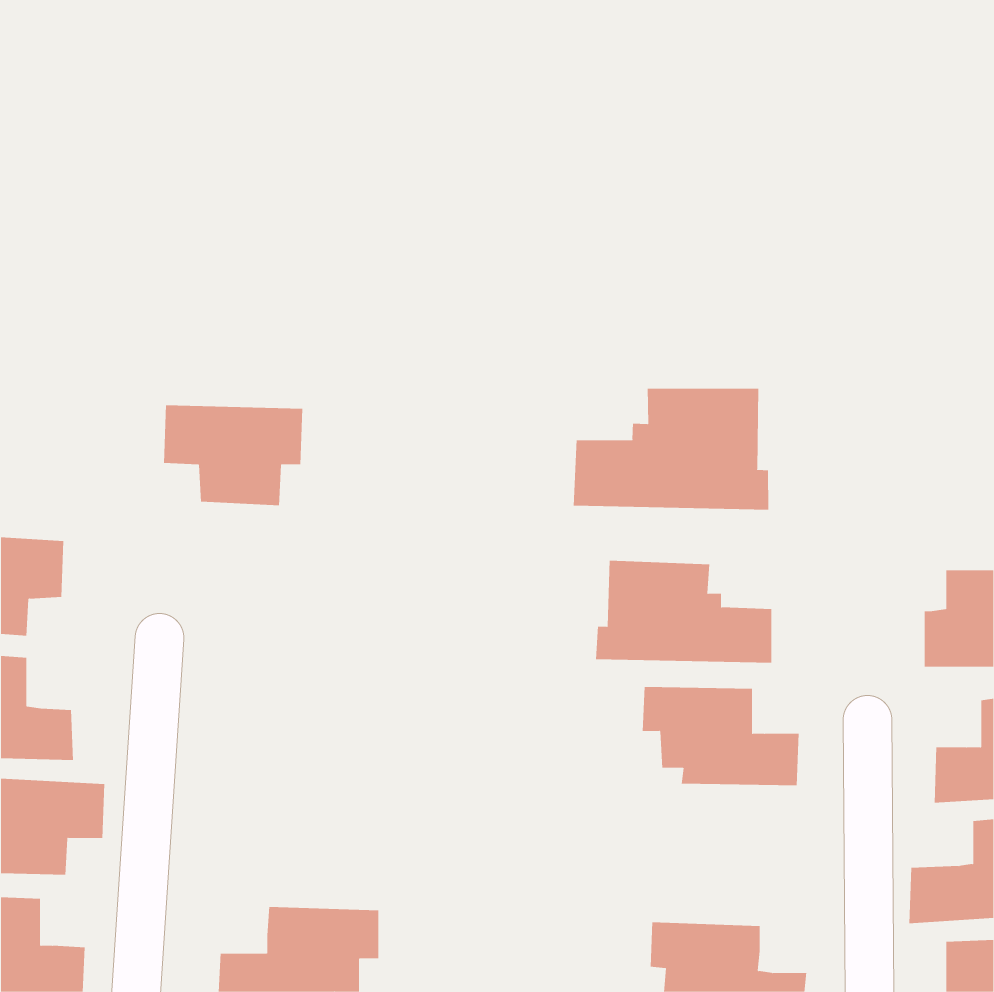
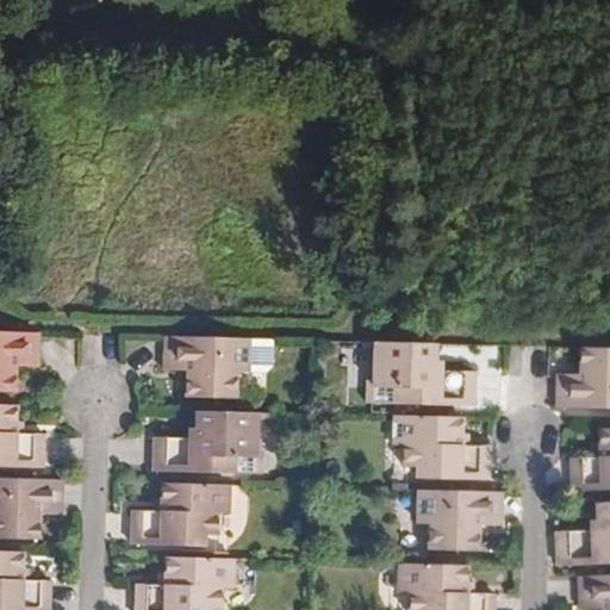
building: [573,388,769,510] -> none
building: [163,405,303,506] -> [162,335,248,397]
building: none -> [154,411,262,474]
building: none -> [131,483,228,548]
building: none -> [416,492,500,554]

